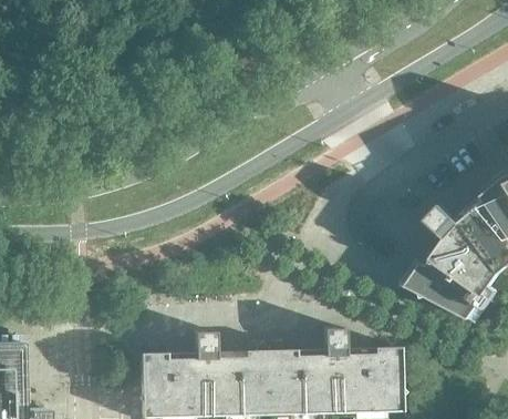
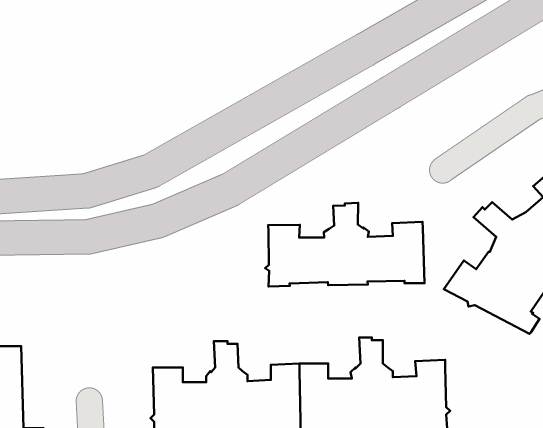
building: none -> [265,203,424,287]

